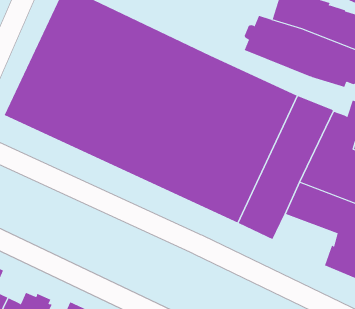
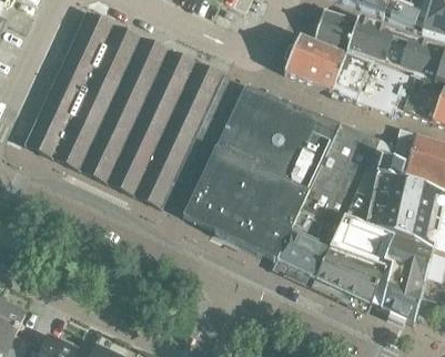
building: none -> [315,252,384,307]

